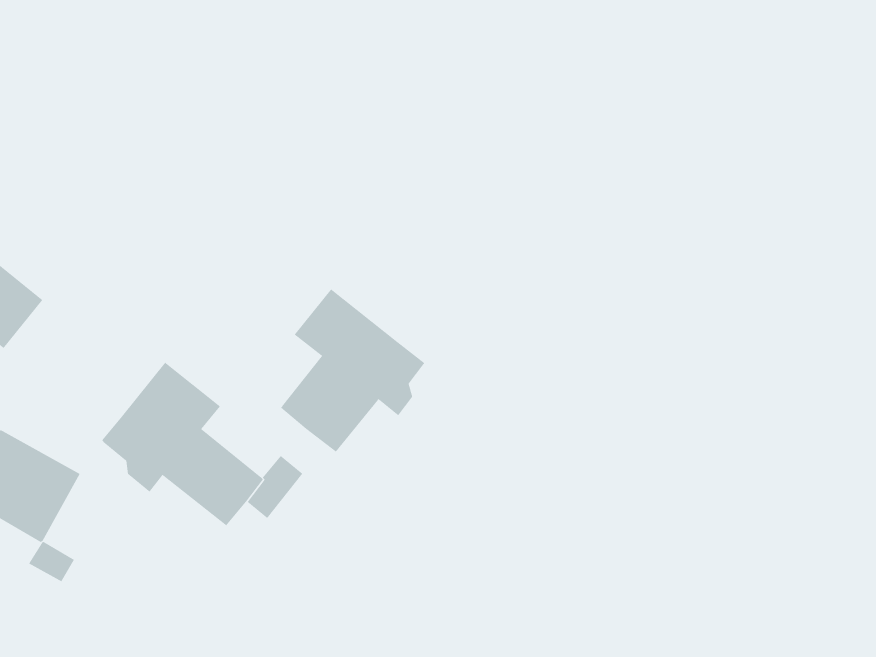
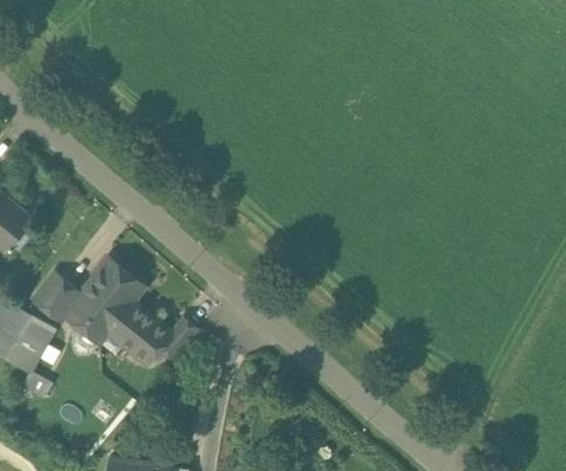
building: [280,288,425,452] -> none
building: none -> [32,273,79,322]

